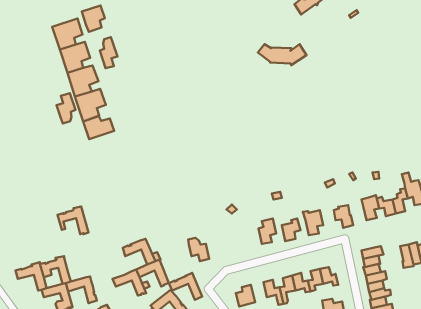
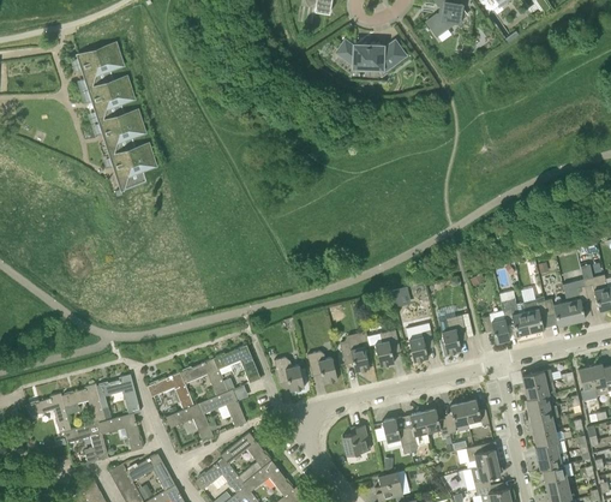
building: [82,5,105,32] -> none
building: [100,37,117,68] -> none
building: [258,44,306,65] -> [335,41,405,71]
building: [57,93,75,123] -> none
building: [83,116,114,139] -> none
building: none -> [501,300,529,336]
building: [58,206,89,234] -> [96,375,140,414]
building: none -> [340,342,370,372]
building: none -> [307,352,337,384]
building: none -> [146,372,193,411]
building: [169,273,202,300] -> [212,345,260,383]

